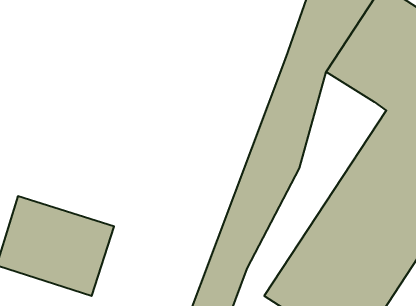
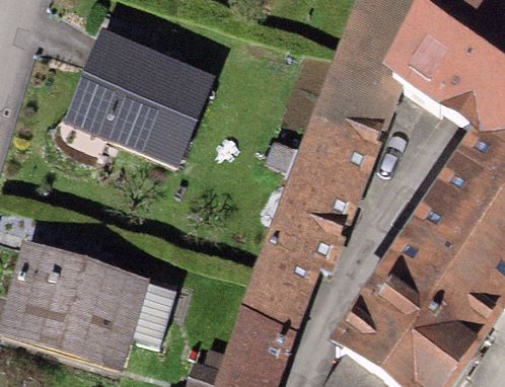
building: none -> [71,36,200,156]

